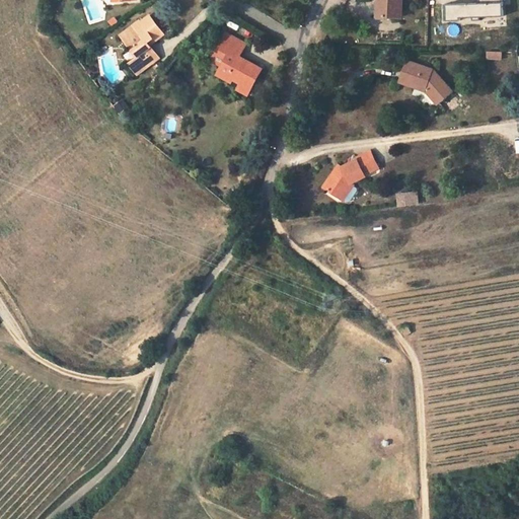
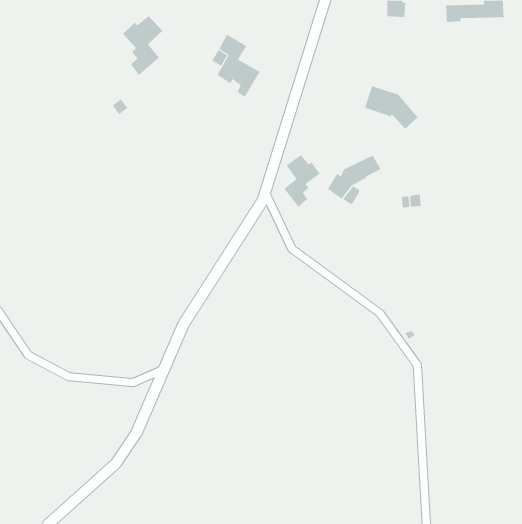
building: [397,60,451,103] -> [364,85,419,129]
building: none -> [283,154,320,208]

